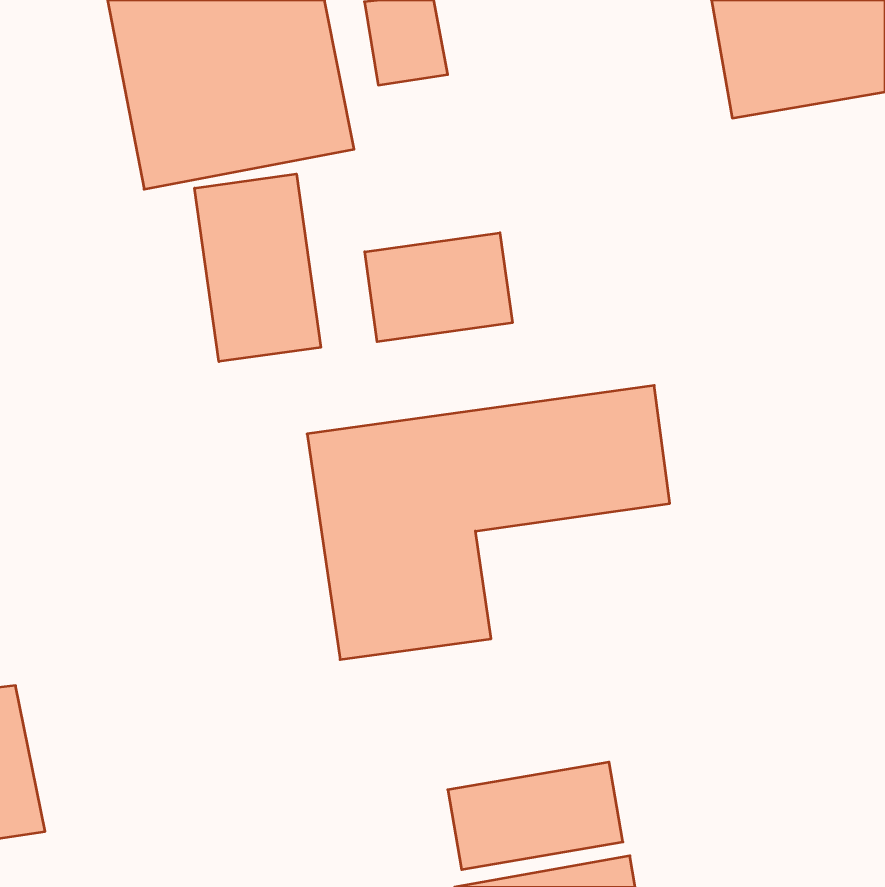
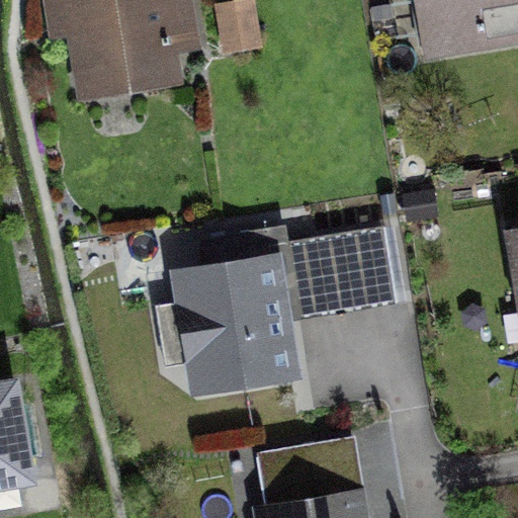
building: [195,174,321,362] -> none
building: [365,233,512,342] -> none

